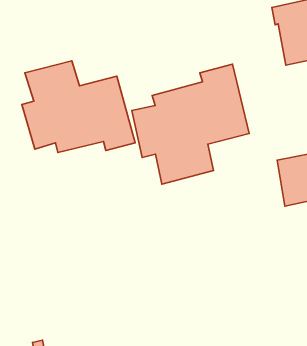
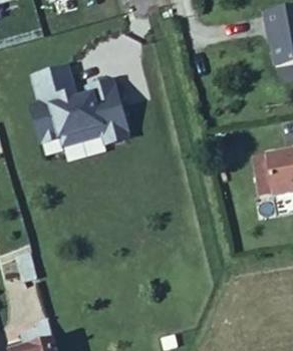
building: [132,64,249,184] -> none

